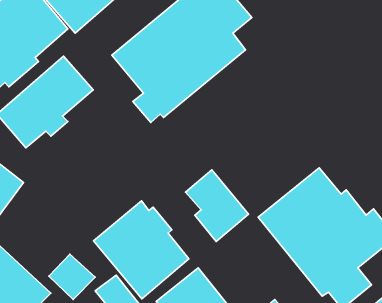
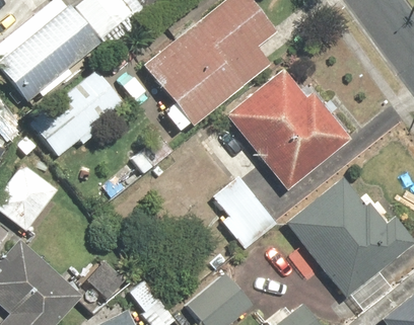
building: none -> [224,68,351,190]
building: [94,201,189,299] -> none

